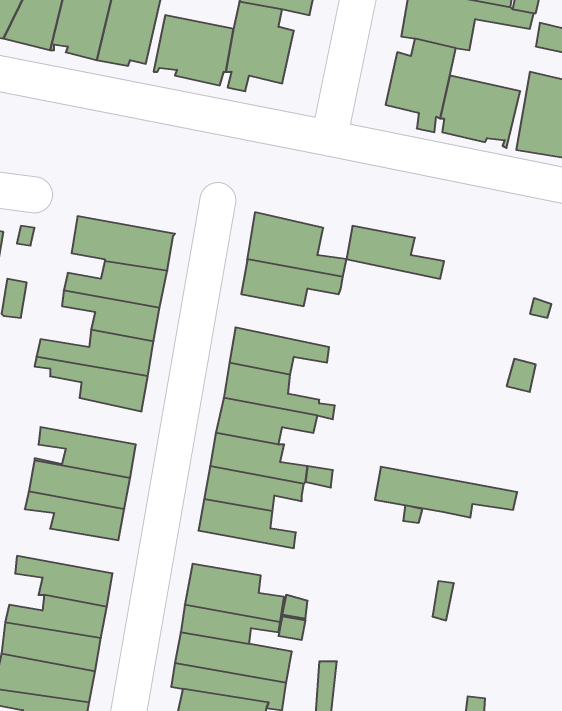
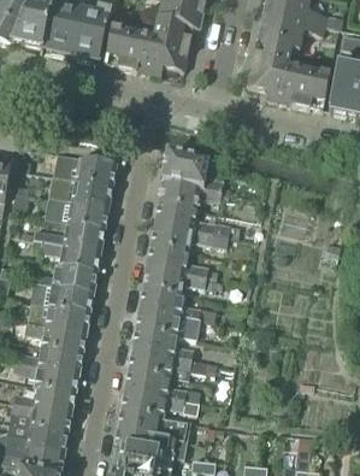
building: [347,226,444,279] -> [154,200,214,233]
building: none -> [34,263,96,293]
building: [375,467,517,518] -> [128,346,216,377]
building: none -> [19,345,82,372]

